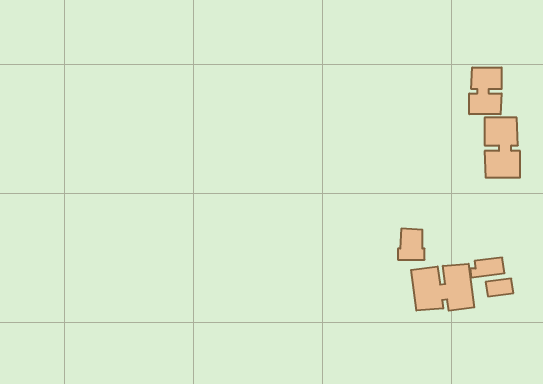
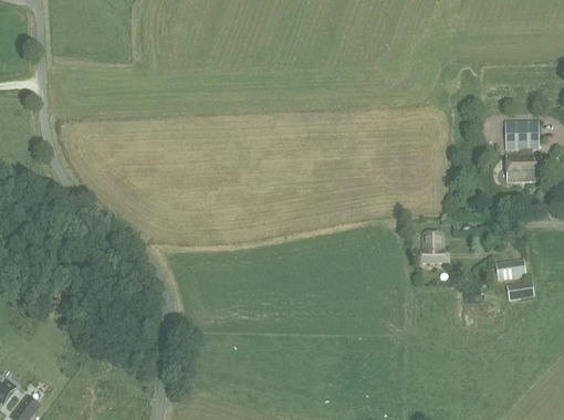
building: [469,67,502,114] -> none
building: [411,264,474,311] -> none

